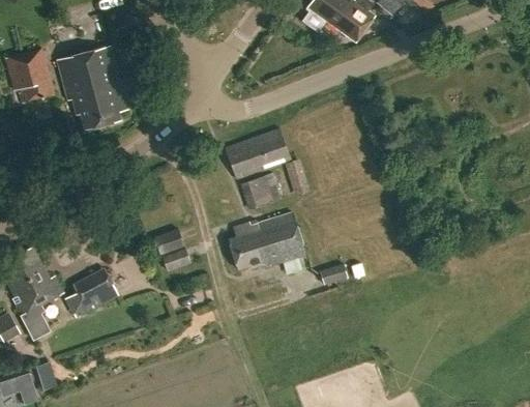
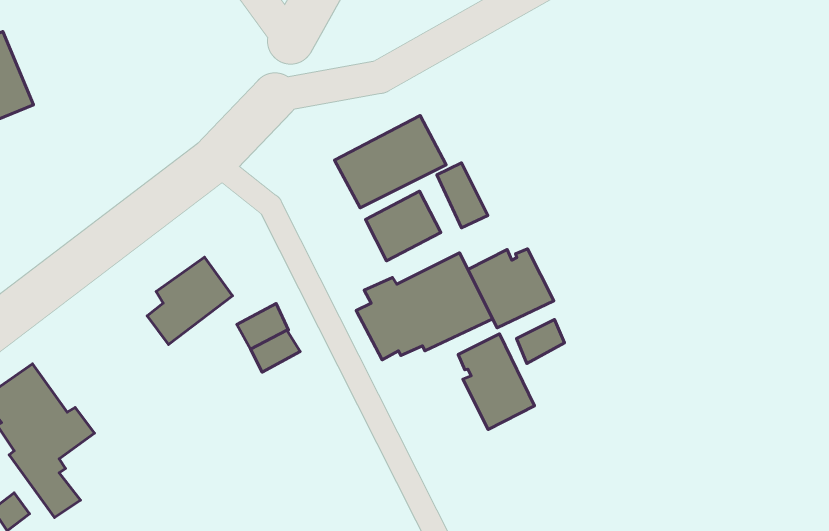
building: [57,45,127,128] -> none
building: none -> [468,249,554,328]
building: none -> [458,334,535,429]
building: [66,268,118,317] -> [147,257,232,345]

